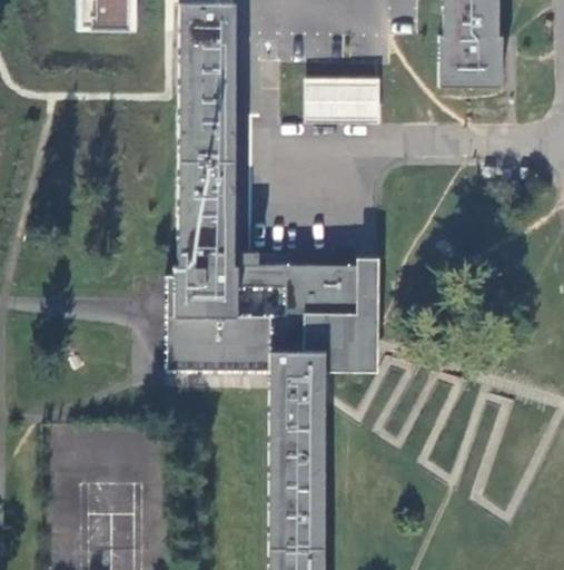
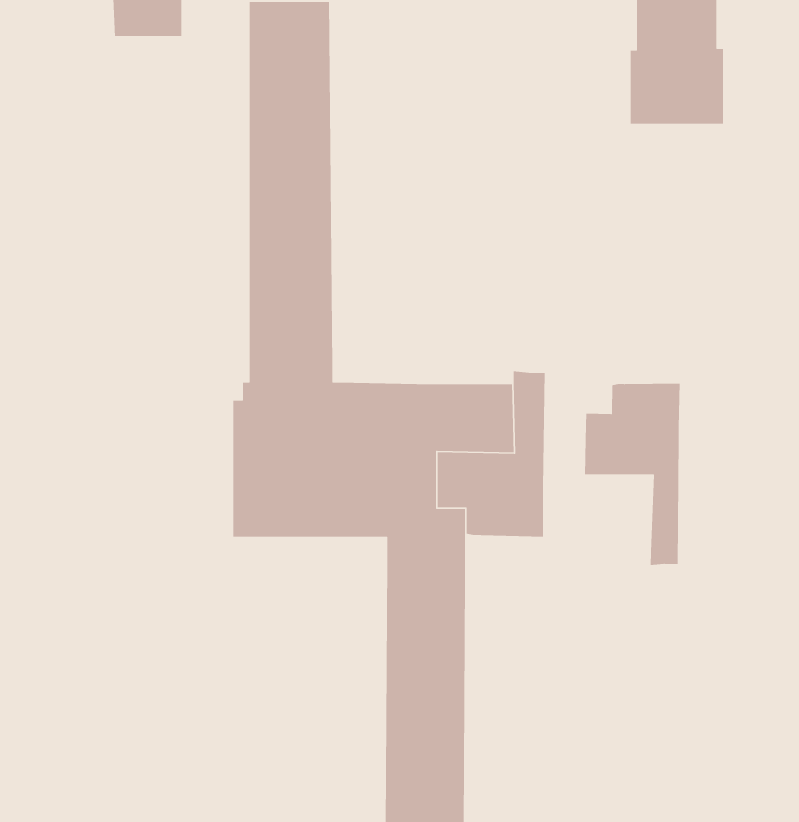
building: [306,76,382,121] -> none
building: none -> [584,383,680,566]

